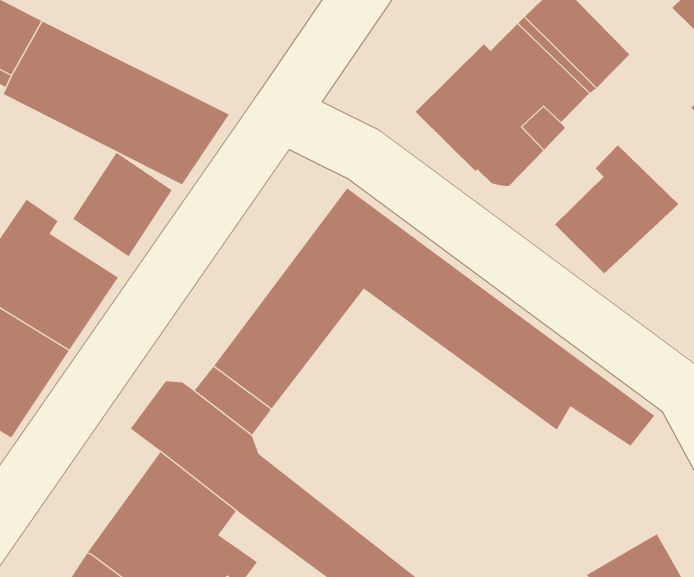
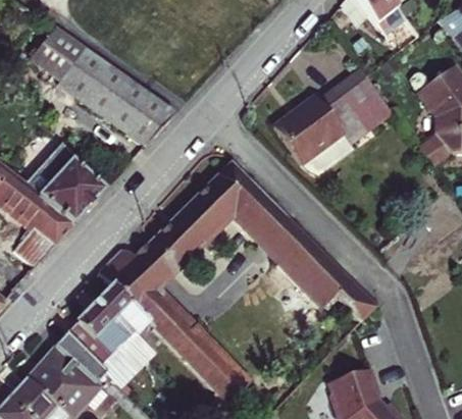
building: [554,144,679,274] -> none
building: [73,152,172,257] -> none

